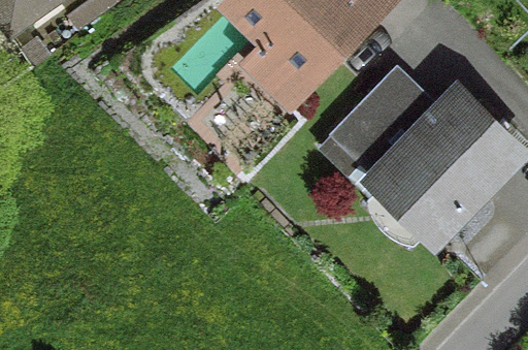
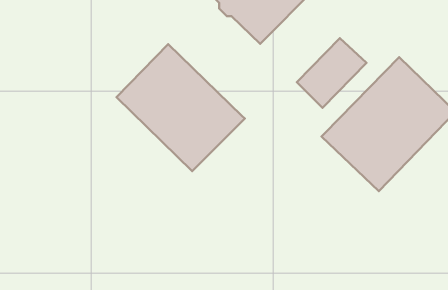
building: none -> [116,44,245,171]

